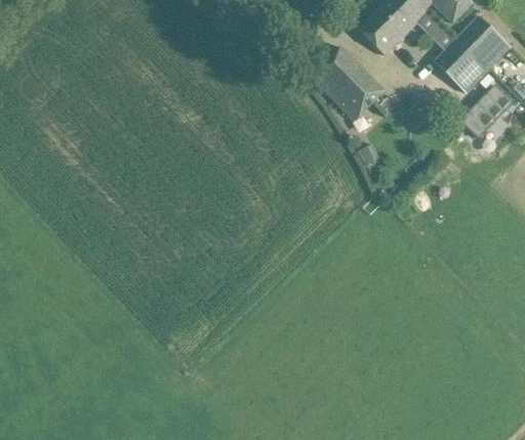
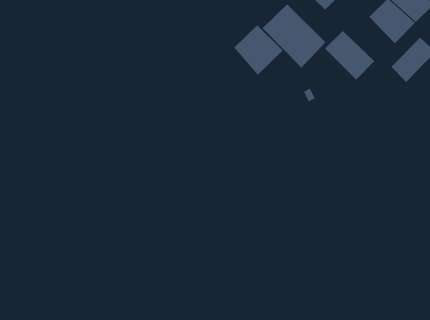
building: none -> [234,24,284,75]
building: none -> [324,30,375,80]

